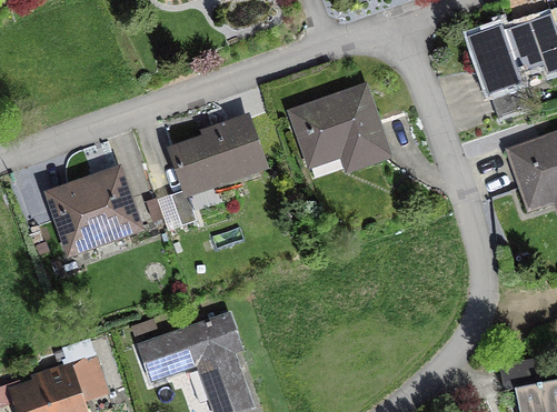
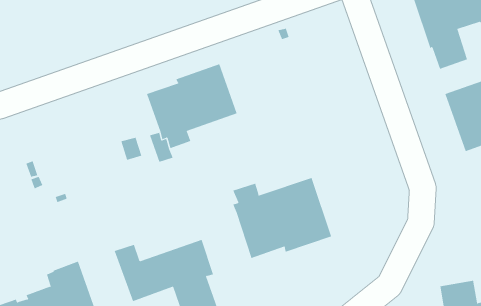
building: [287,81,394,175] -> none
building: [43,163,145,258] -> none
building: none -> [232,177,332,259]

